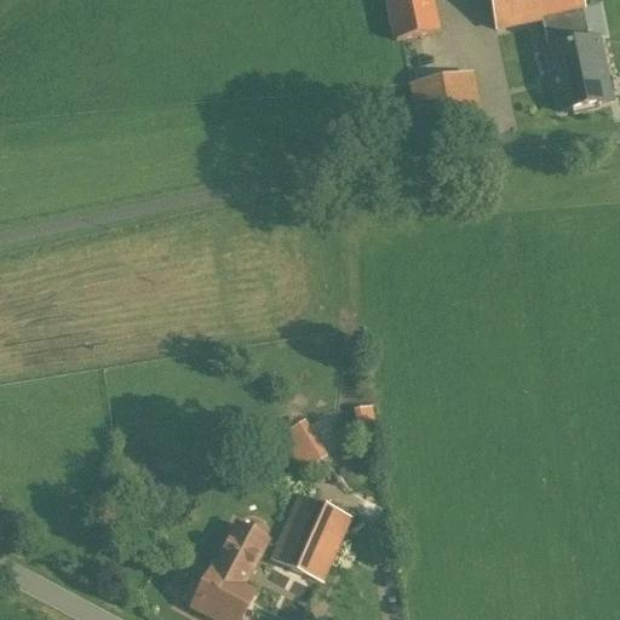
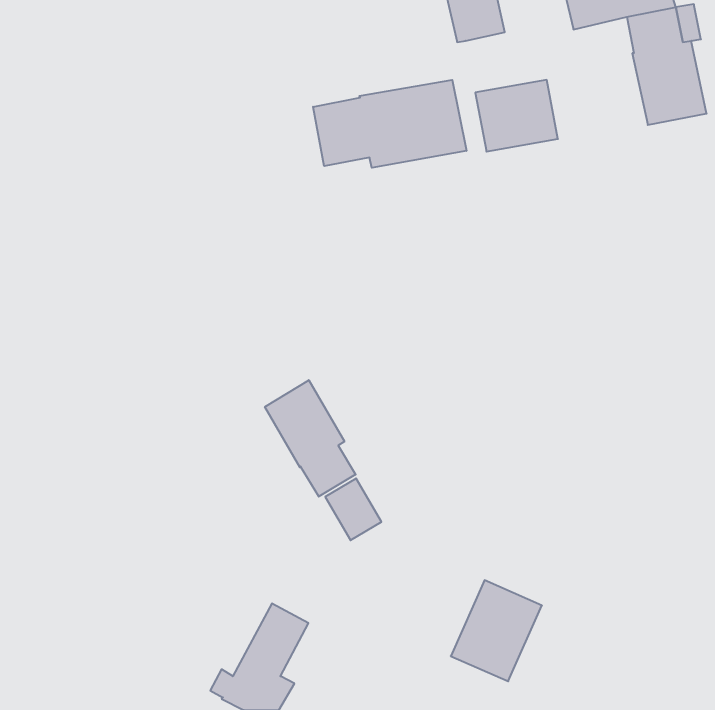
building: none -> [313,80,466,168]
building: none -> [265,380,356,497]
building: [272,492,351,579] -> [451,580,542,681]

